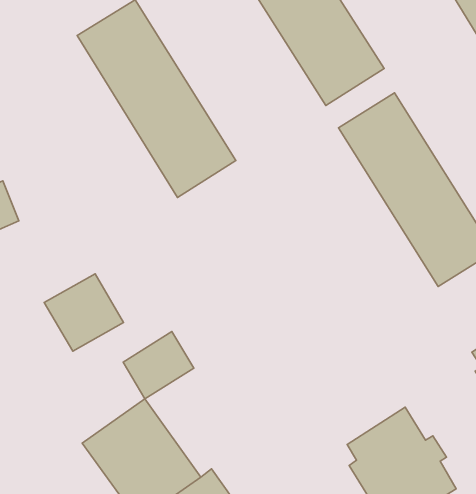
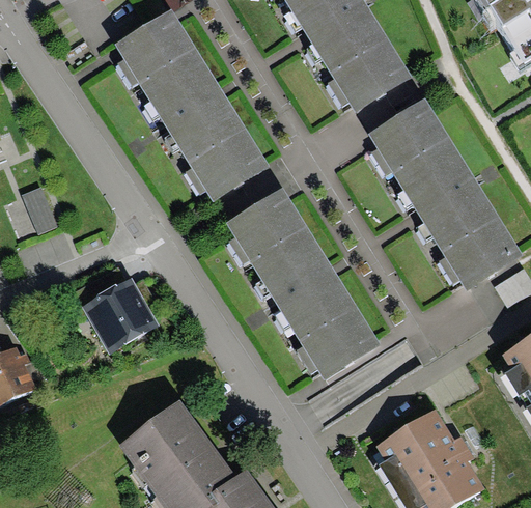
building: none -> [225,188,380,379]
building: [123,332,194,399] -> none

